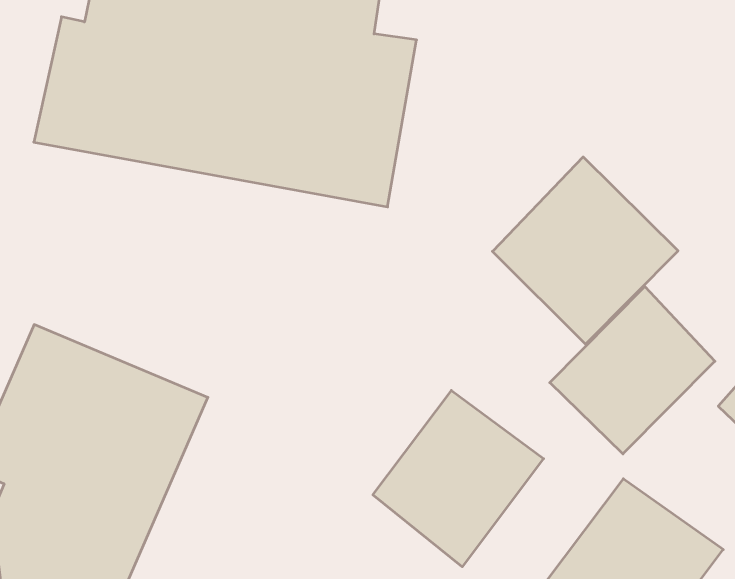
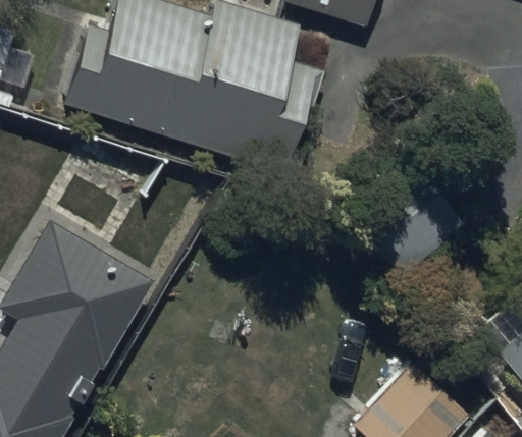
building: [550,287,715,454] -> none
building: [373,390,544,567] -> none

